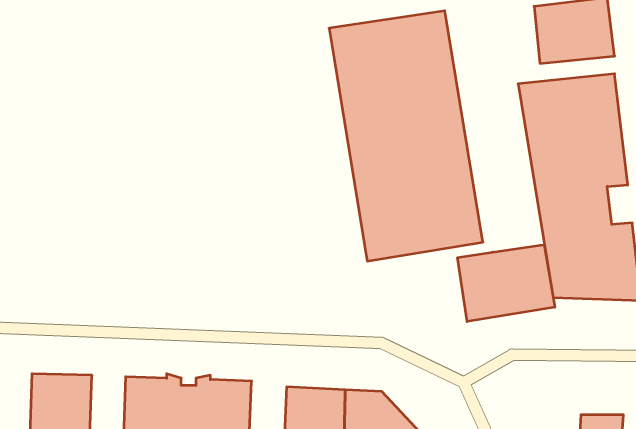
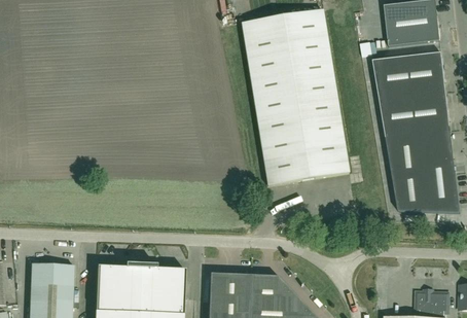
building: [458,245,555,322] -> none

